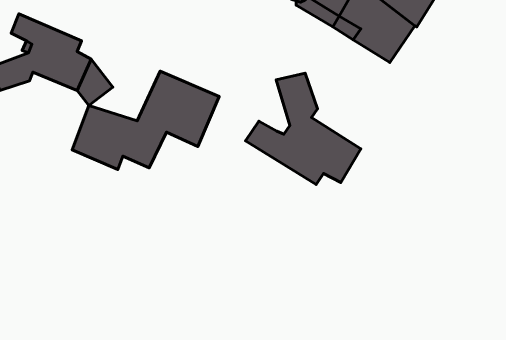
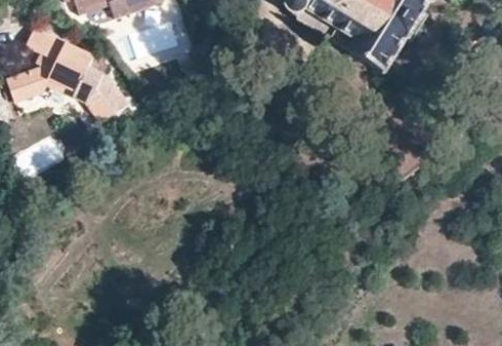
building: [72,71,219,169] -> none
building: [245,73,361,185] -> none

